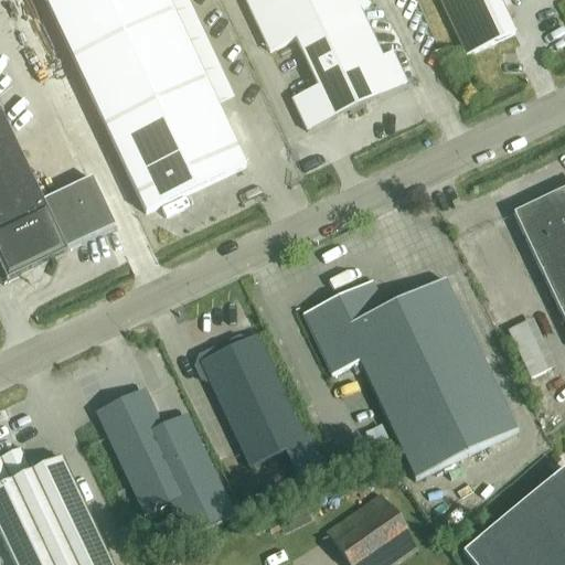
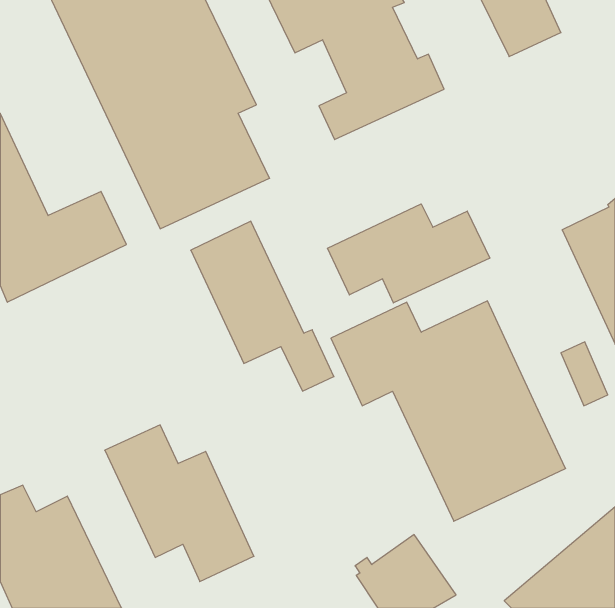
building: none -> [328,204,490,303]
building: [202,332,333,488] -> [191,221,334,391]

